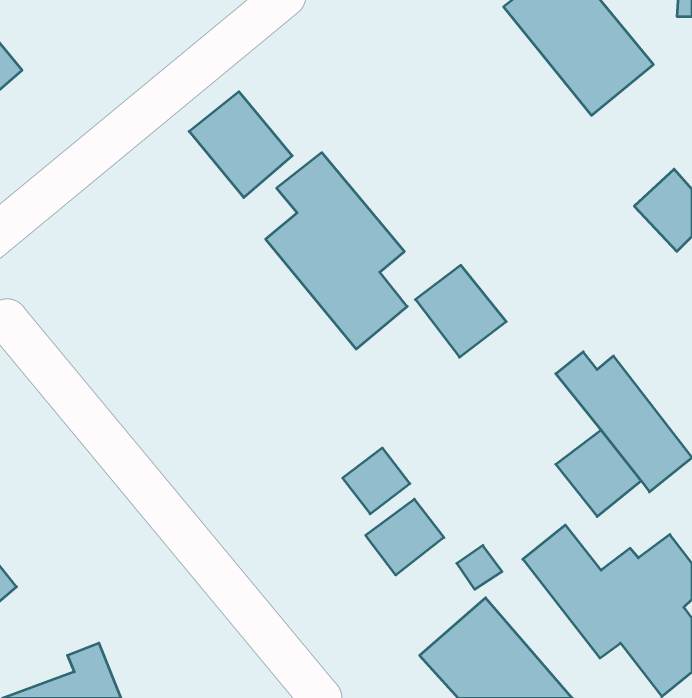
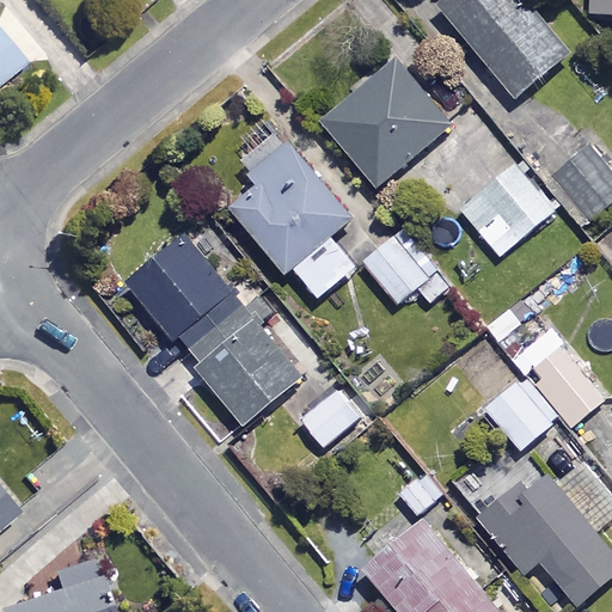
building: none -> [320,59,451,189]
building: [189,92,292,198] -> none
building: none -> [458,164,551,255]
building: none -> [129,238,300,424]
building: [366,499,444,575] -> none

